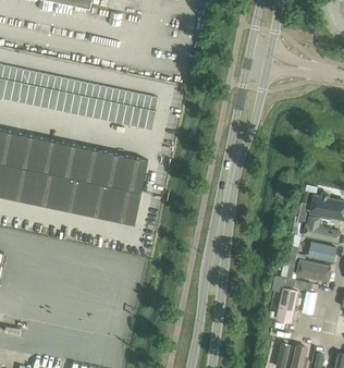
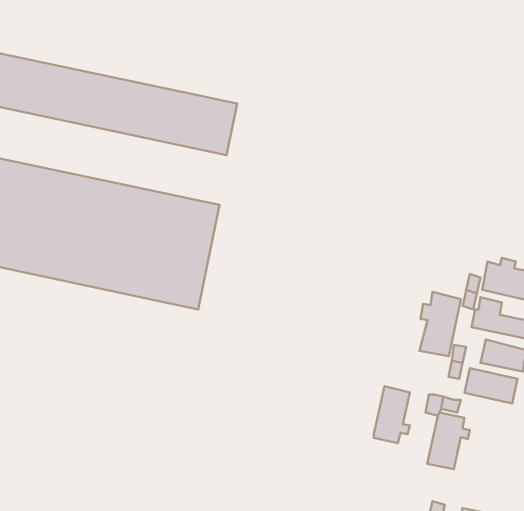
building: none -> [420,292,461,356]
building: none -> [374,386,410,443]

